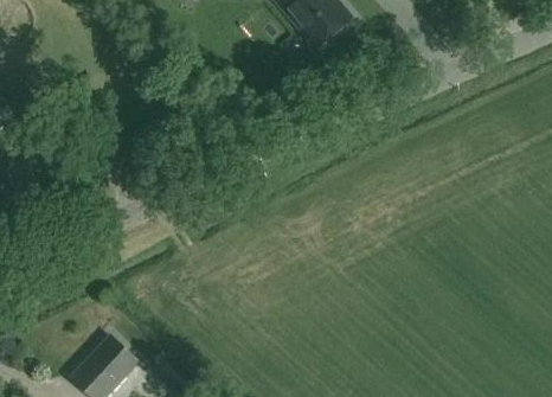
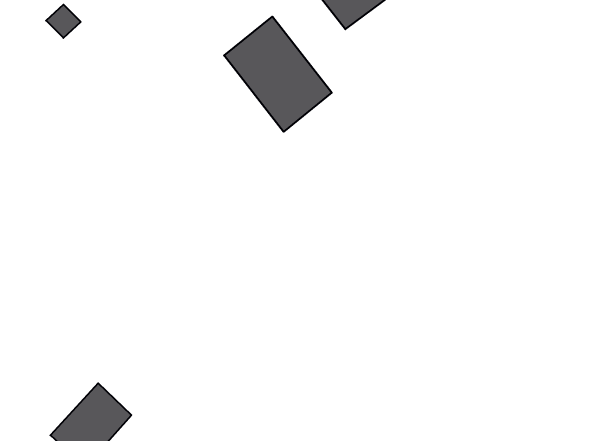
building: none -> [224,17,332,132]

